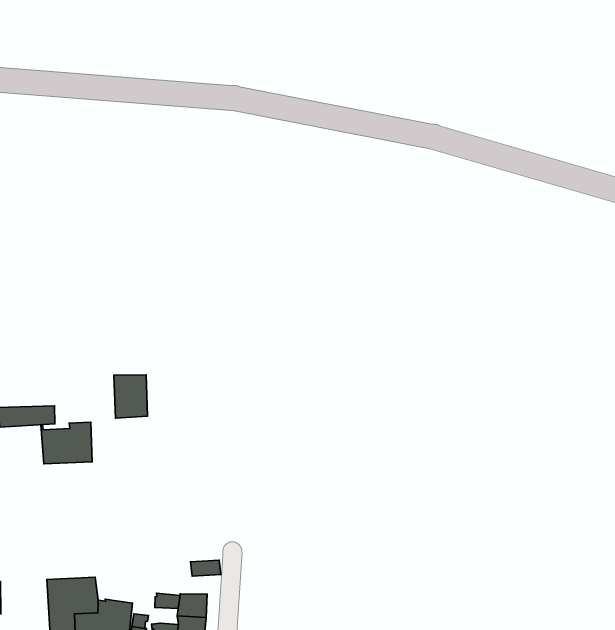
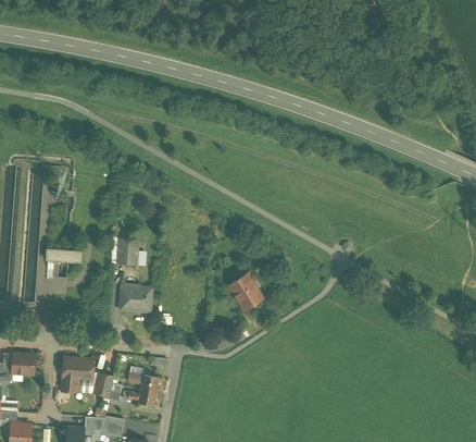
building: none -> [228,273,262,308]
building: [41,422,92,464] -> [120,285,151,311]

